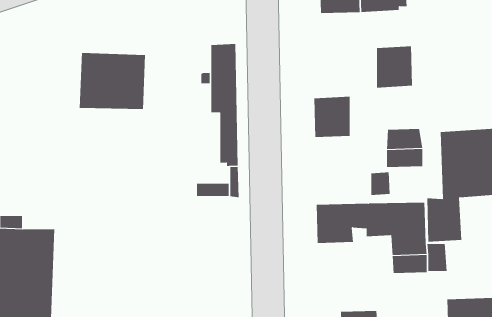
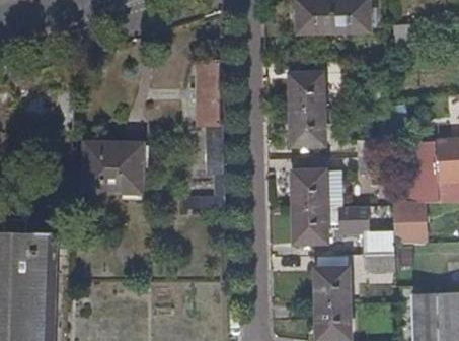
building: [376,46,413,88] -> [291,73,324,112]
building: [79,52,146,109] -> [83,142,144,194]
building: none -> [292,172,340,208]
building: none -> [314,268,349,305]

